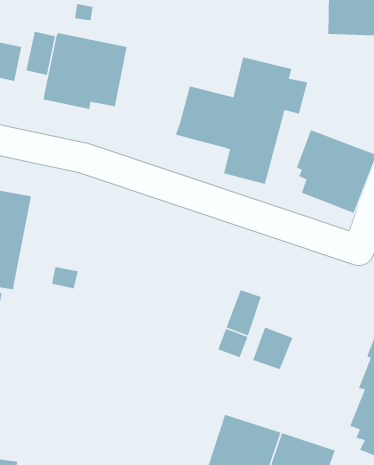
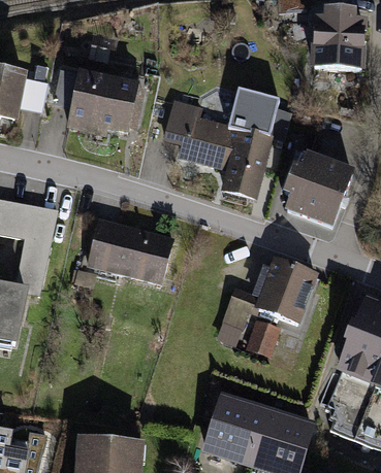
building: none -> [162,97,193,143]
building: none -> [86,216,172,283]
building: none -> [253,256,317,324]

